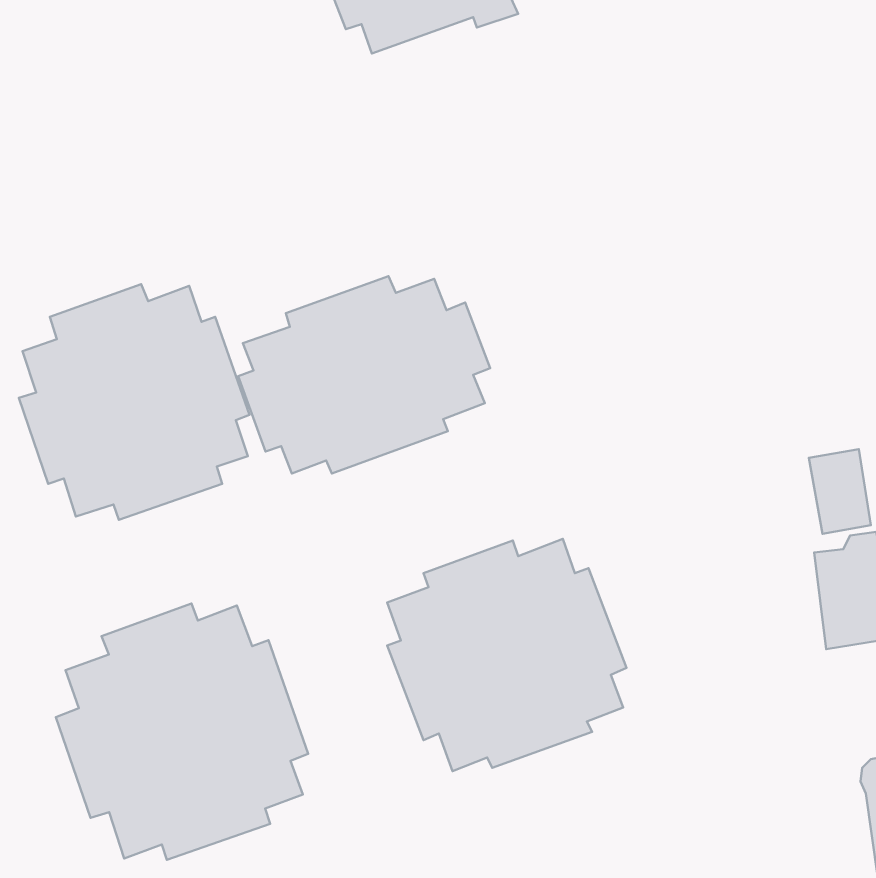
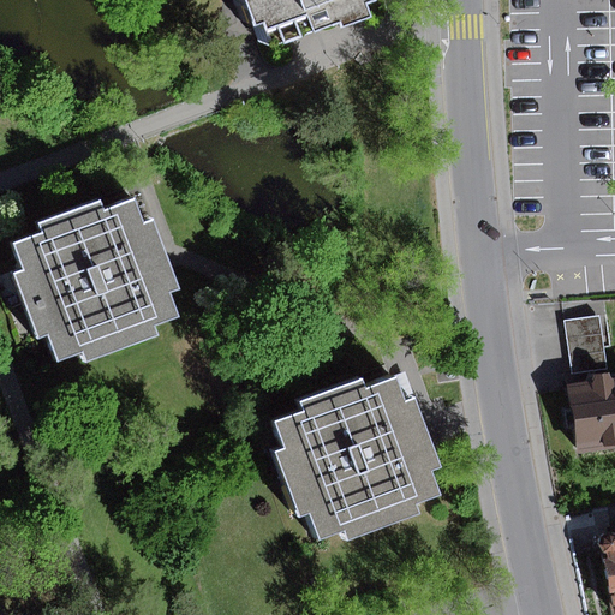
building: [238,276,490,474] -> none
building: [56,604,308,860] -> none

